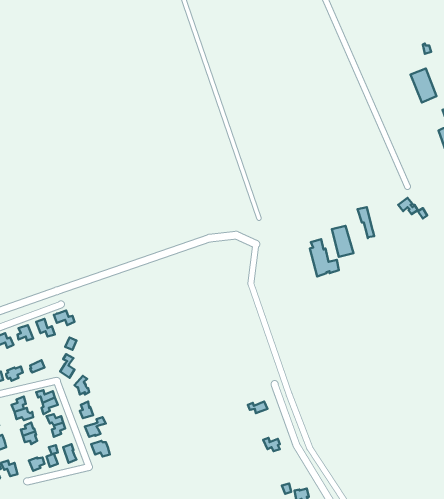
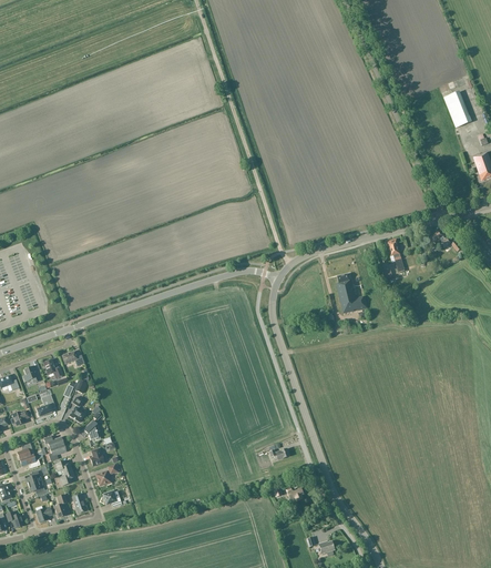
building: [332,226,353,257] -> none

